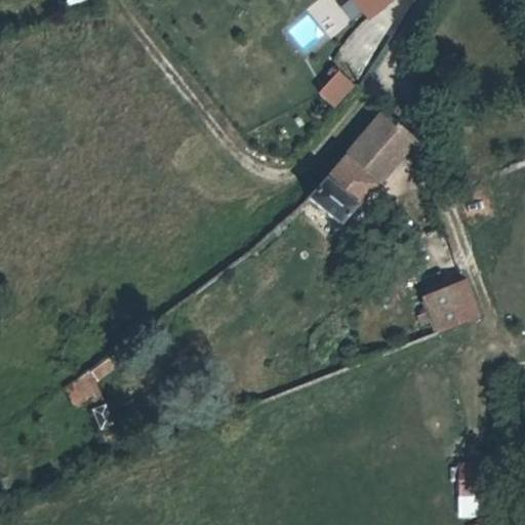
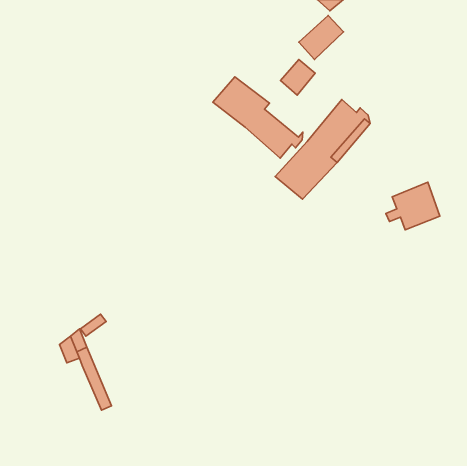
building: none -> [213,77,303,158]
building: [417,280,478,333] -> [386,182,440,230]

